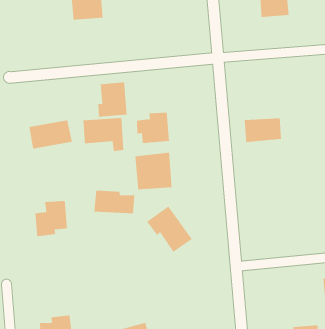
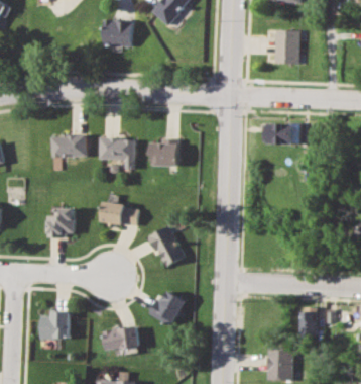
building: [97,82,128,118] -> none
building: [244,117,282,143] -> [262,122,296,145]
building: [135,152,173,190] -> none
building: none -> [147,289,187,325]

